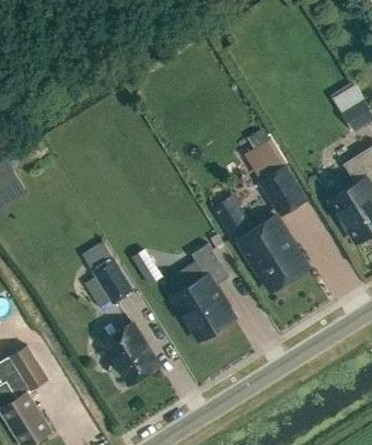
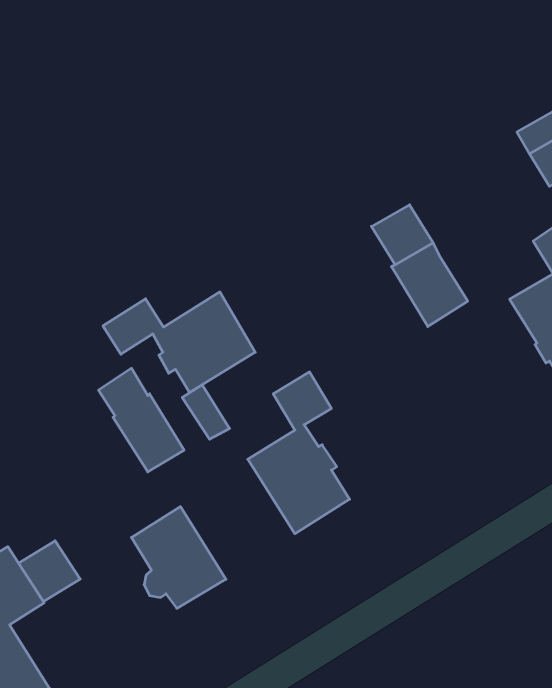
building: none -> [103,292,255,393]
building: [216,206,307,290] -> none
building: none -> [18,541,80,601]

